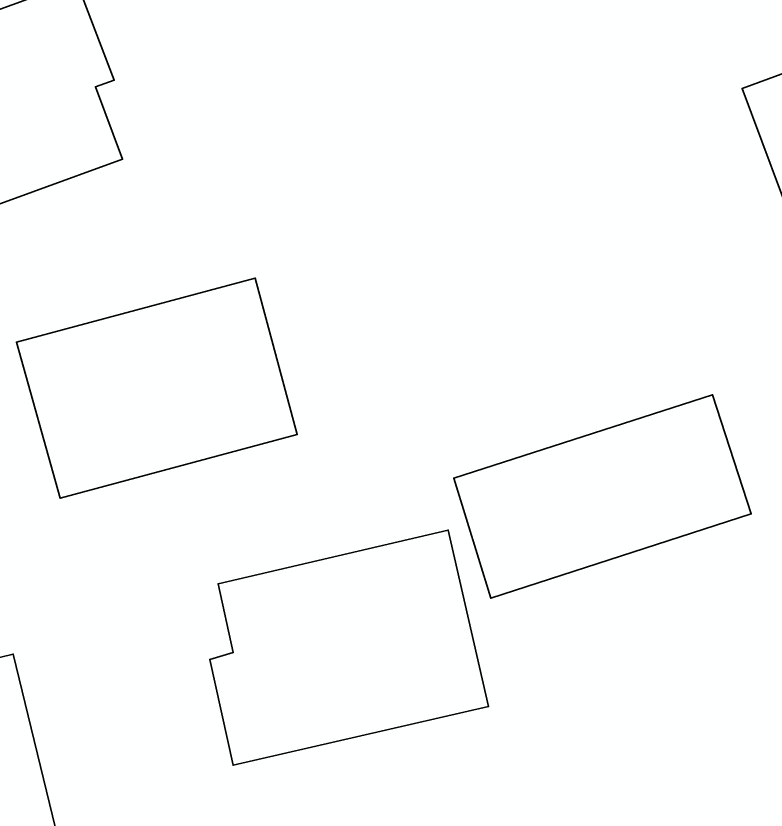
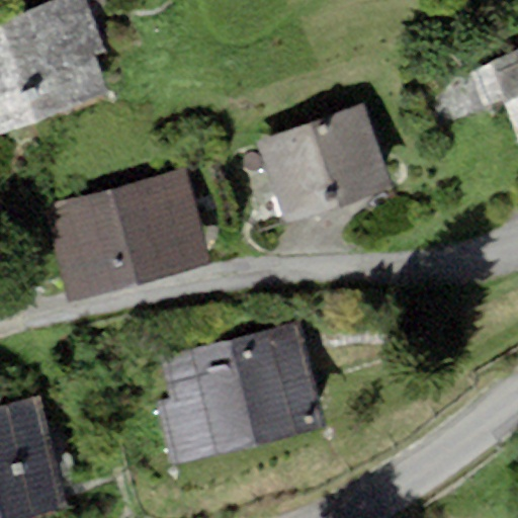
building: none -> [256,105,391,227]
building: [454,395,751,598] -> none

